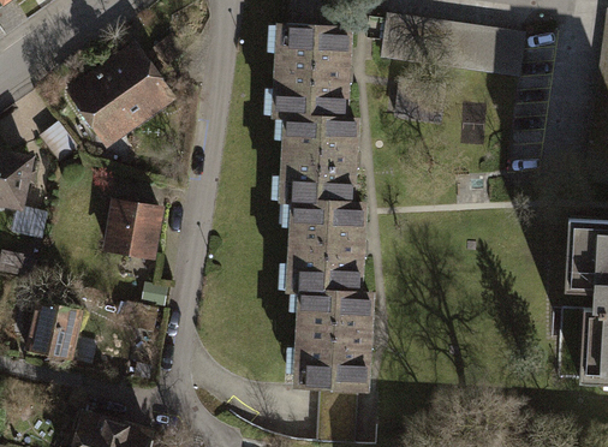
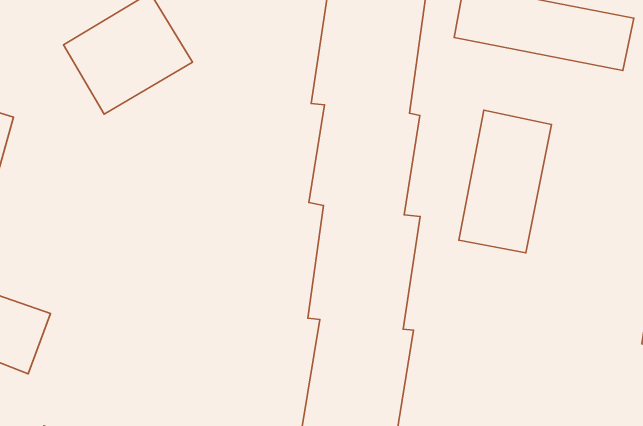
building: none -> [459,110,551,253]
building: [105,195,163,257] -> none

